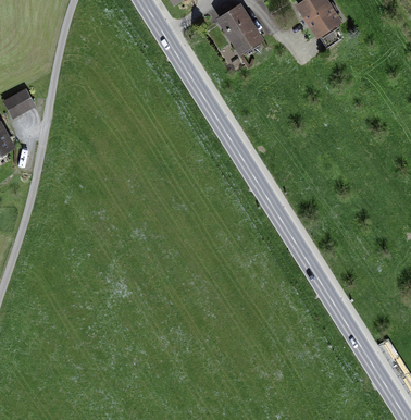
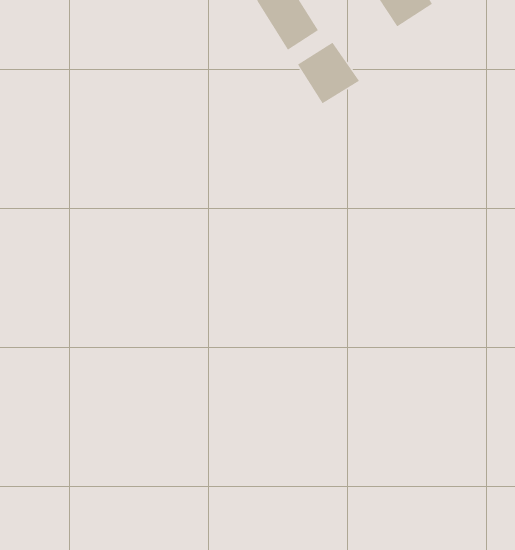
building: none -> [297,42,360,104]

